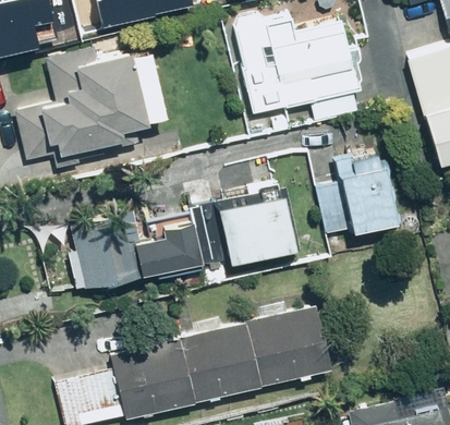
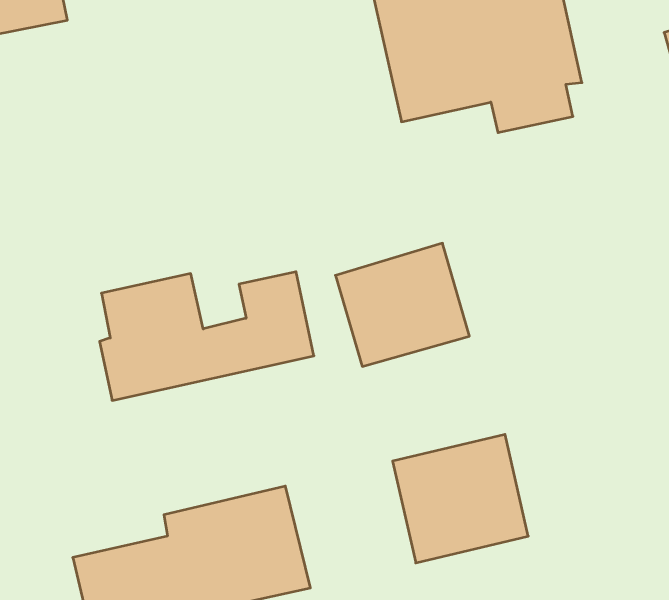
building: [16,48,161,162] -> none
building: [313,154,393,238] -> none
building: [184,324,264,401] -> none

